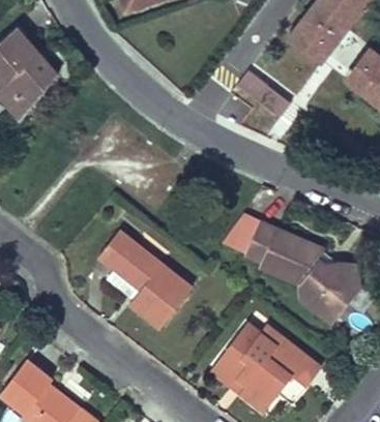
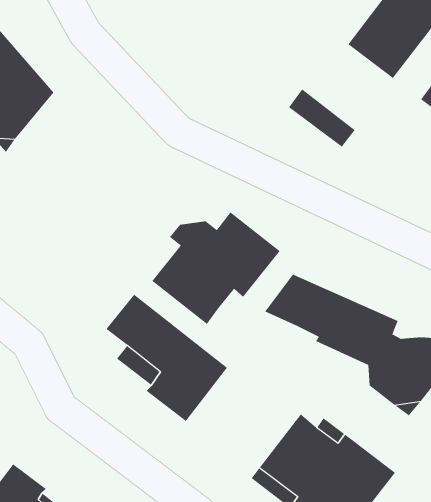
building: none -> [151,212,280,325]

